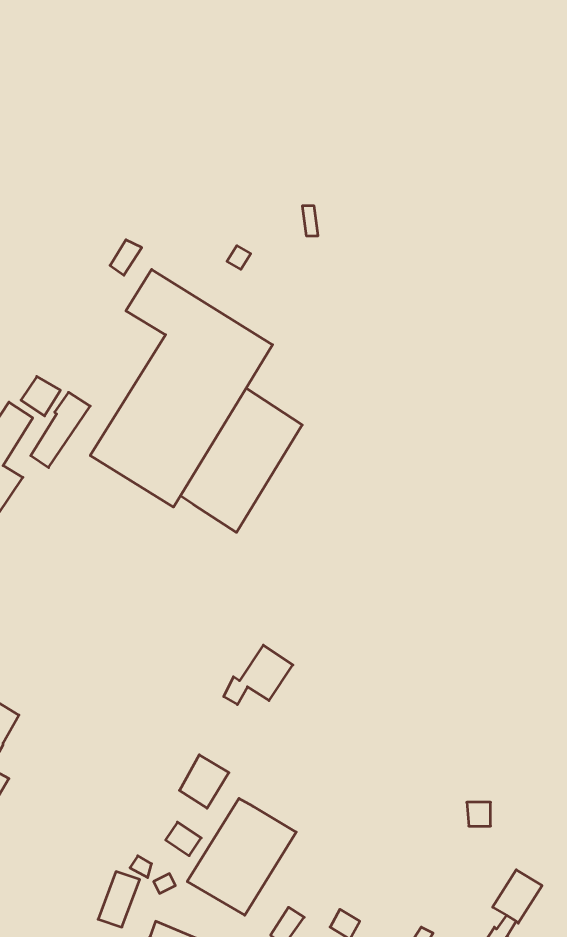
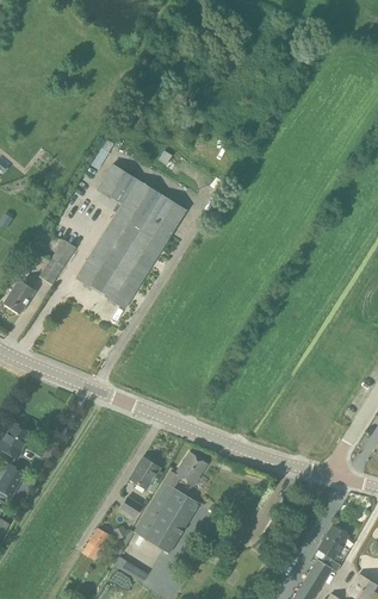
building: [180,388,302,532] -> none
building: [224,645,293,705] -> [165,451,206,487]

